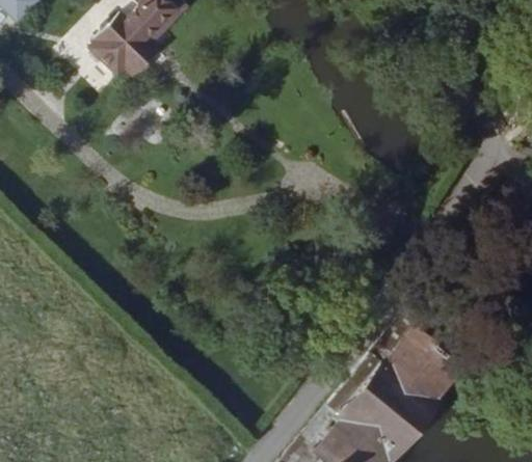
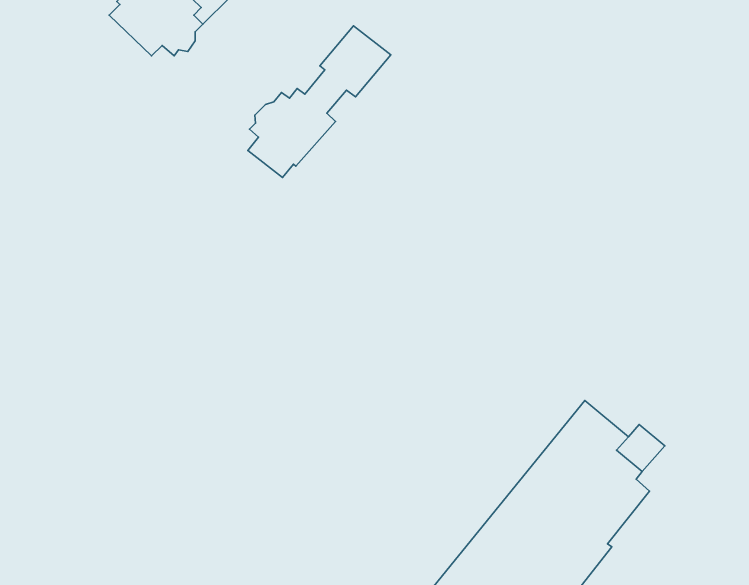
building: none -> [248,26,391,178]

